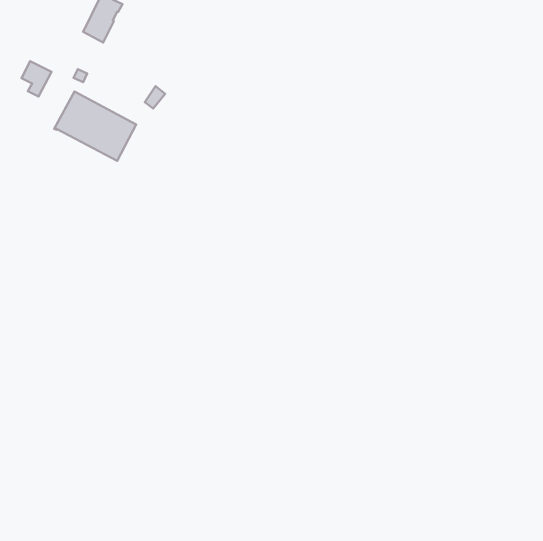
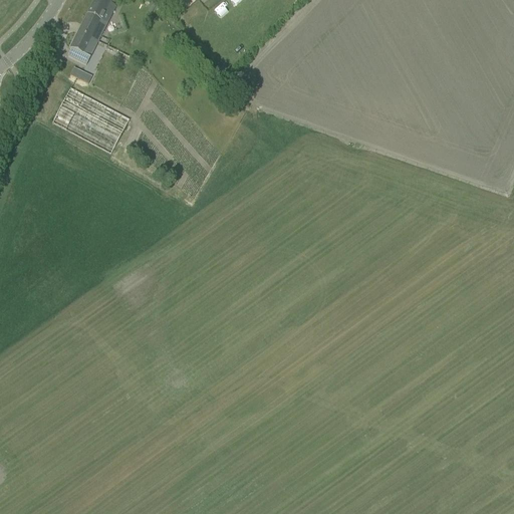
building: [22,61,51,96] -> [70,30,98,63]

